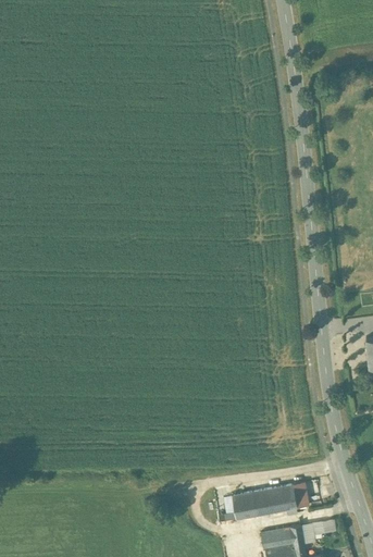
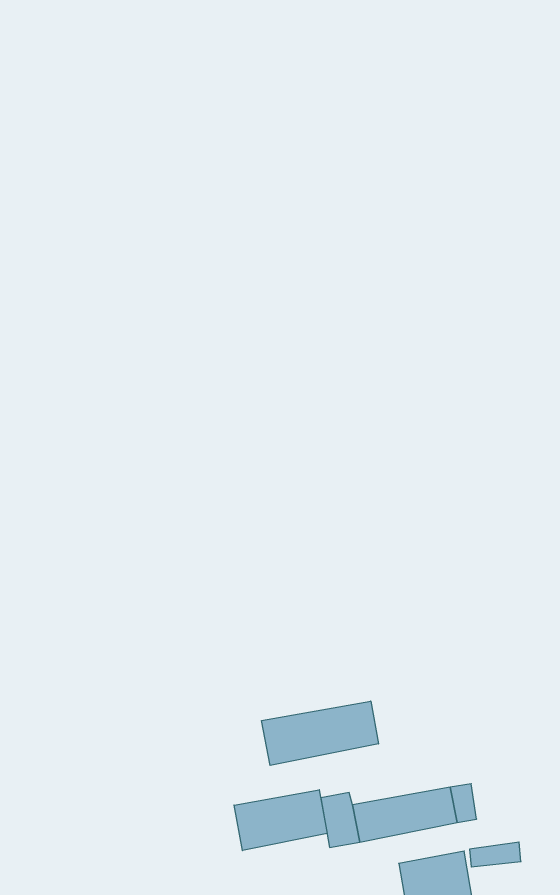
building: none -> [262,701,378,765]
building: none -> [234,790,327,851]

